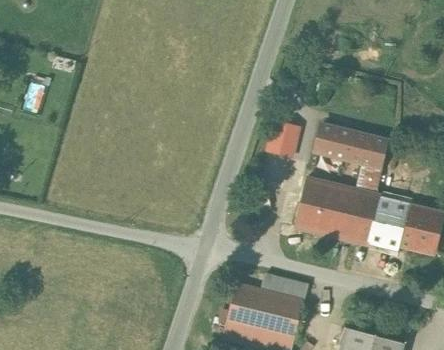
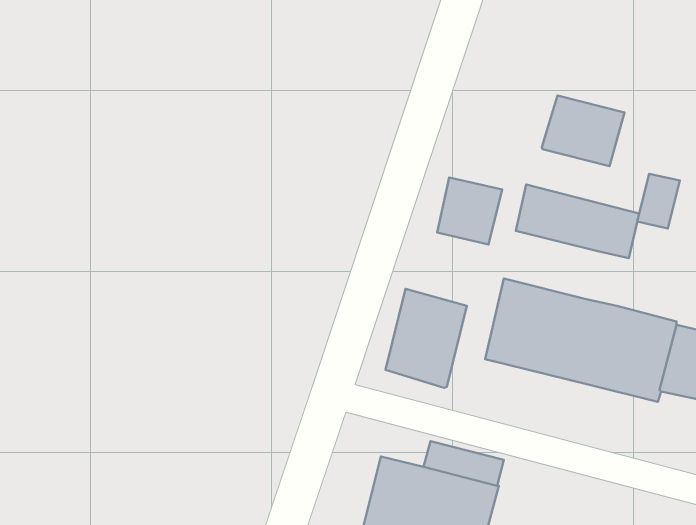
building: none -> [542,96,625,166]
building: [356,163,381,195] -> [637,174,680,228]
building: none -> [386,289,467,388]

